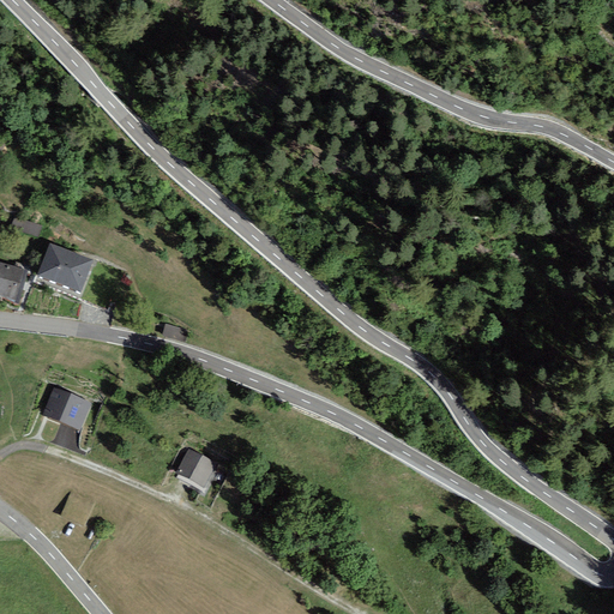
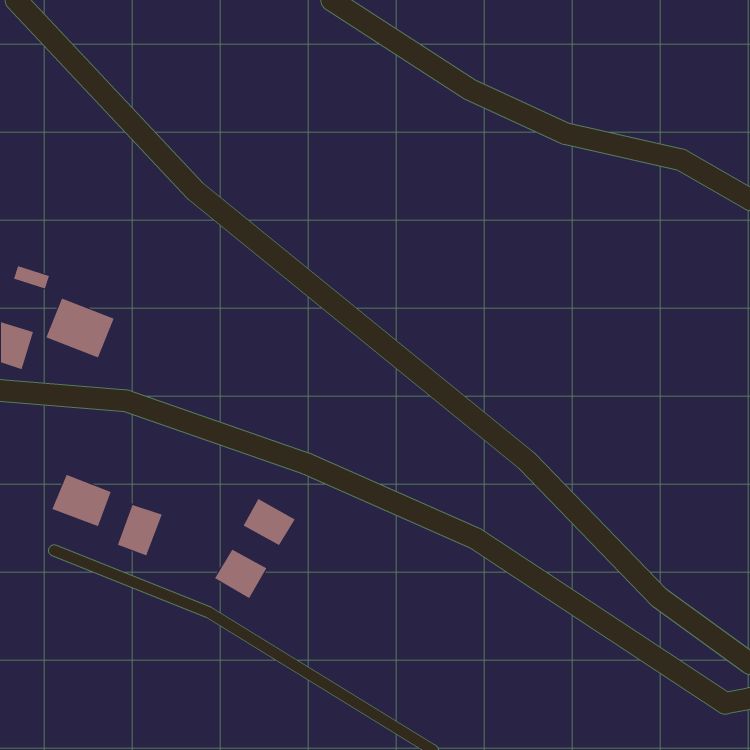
building: none -> [243,498,295,546]
building: none -> [117,504,162,556]

